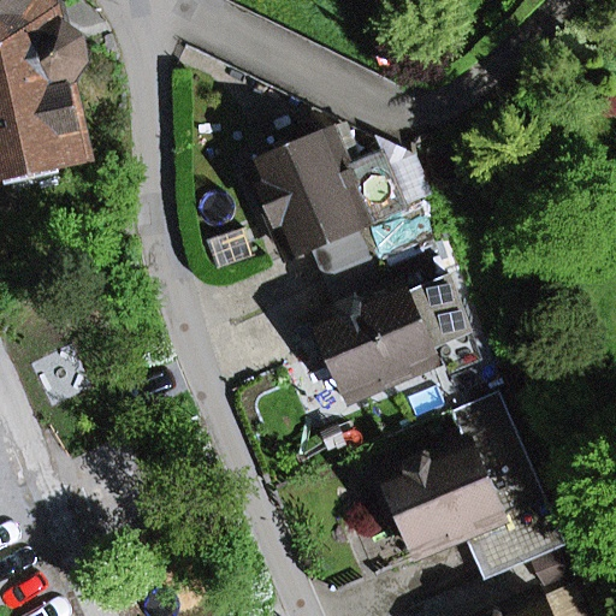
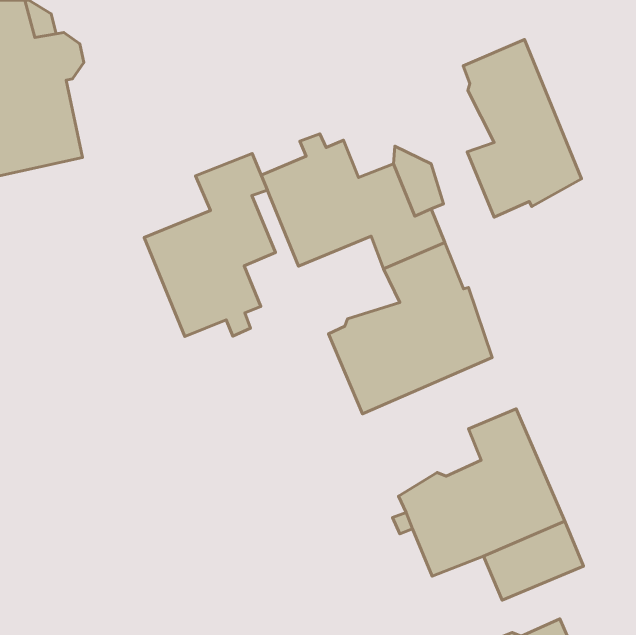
building: none -> [463,40,582,217]
building: none -> [144,154,276,337]

